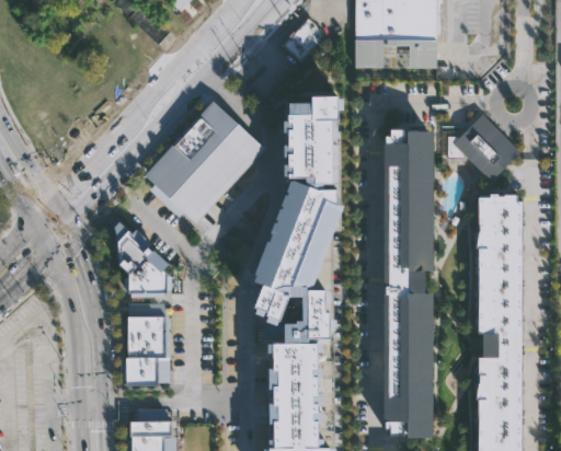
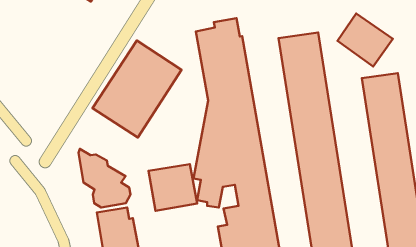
building: none -> [149,164,197,211]

